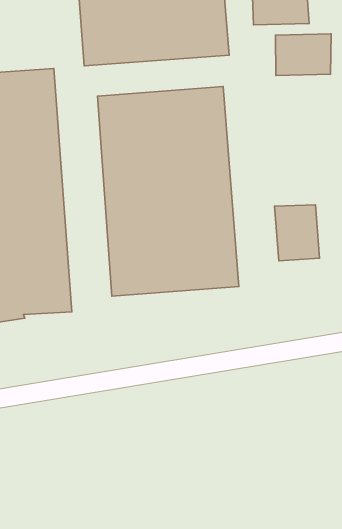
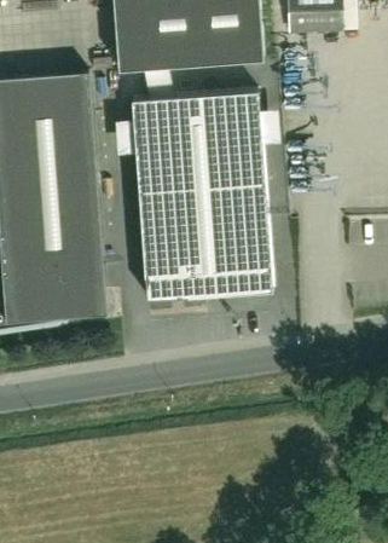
building: [275,34,331,75] -> none
building: [274,205,320,261] -> none

